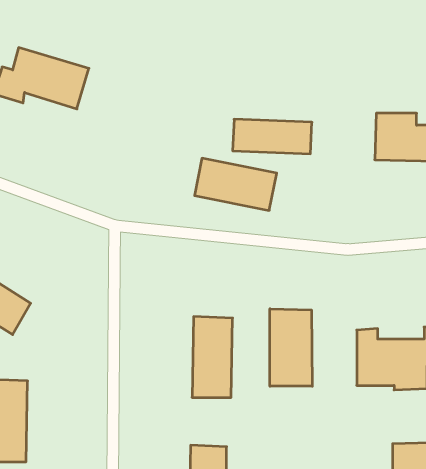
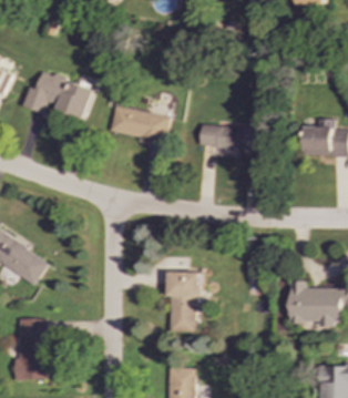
building: [195,158,277,210] -> [108,104,168,143]
building: [270,309,312,386] -> none

